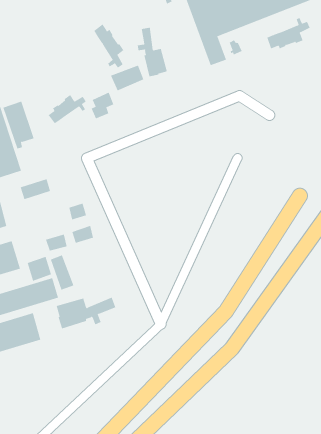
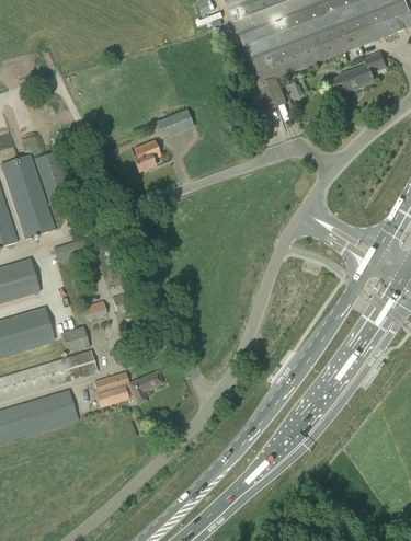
building: [94,24,124,69] -> none
building: [137,27,168,77] -> none
building: [48,94,87,124] -> none
building: [50,254,74,290] -> none

